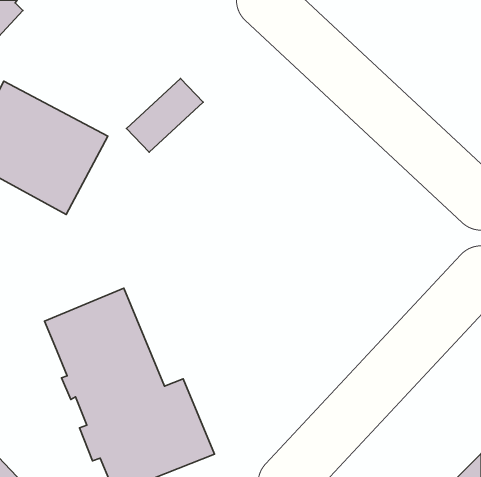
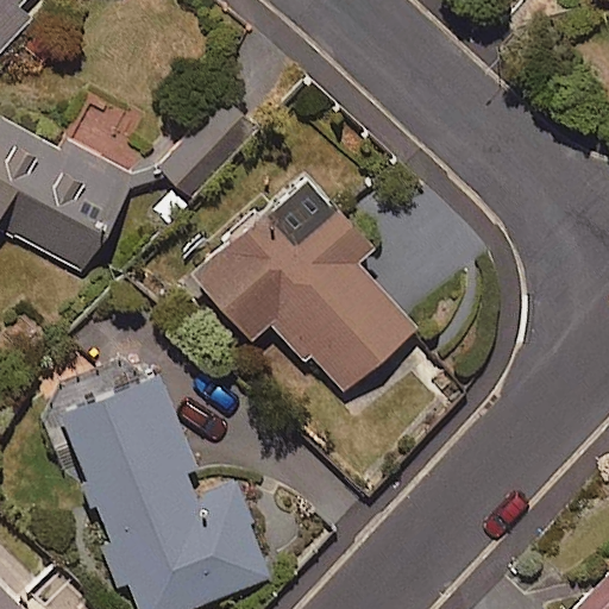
building: none -> [194,171,416,393]

